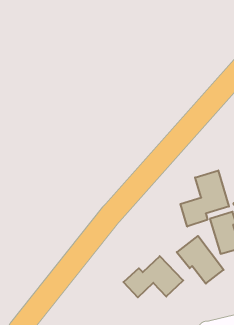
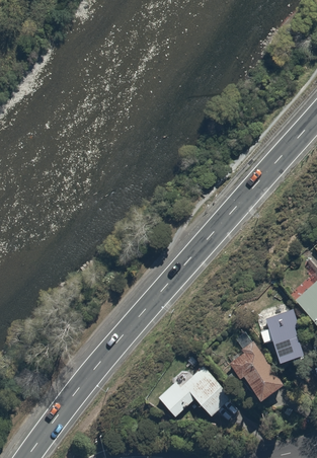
building: [180,170,229,227] -> none

